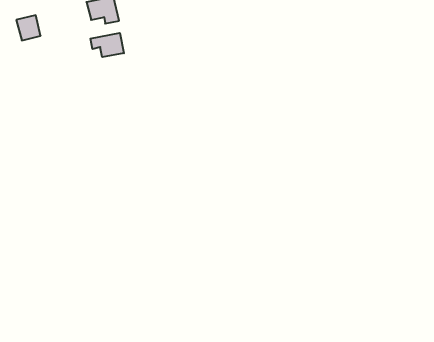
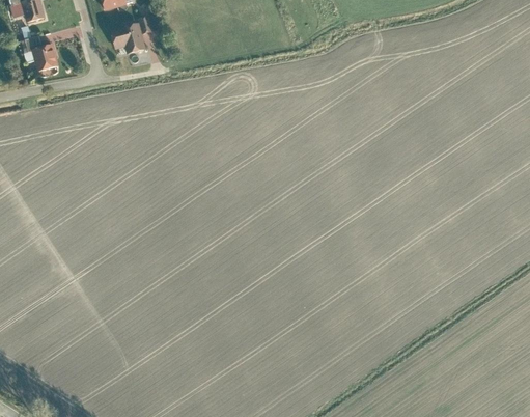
building: [90,33,124,57] -> none

